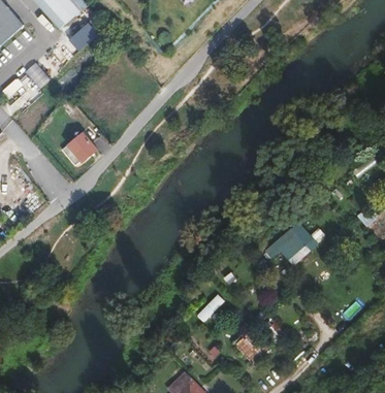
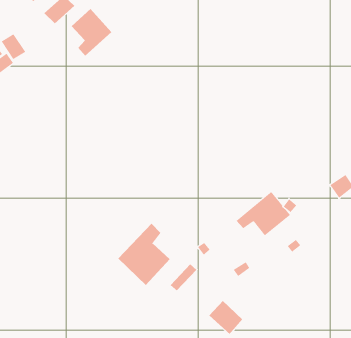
building: none -> [71,8,112,56]
building: [61,133,95,165] -> none
building: none -> [117,223,170,286]

